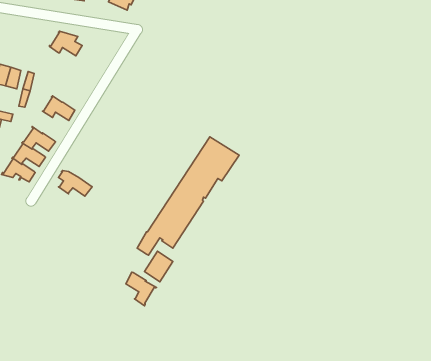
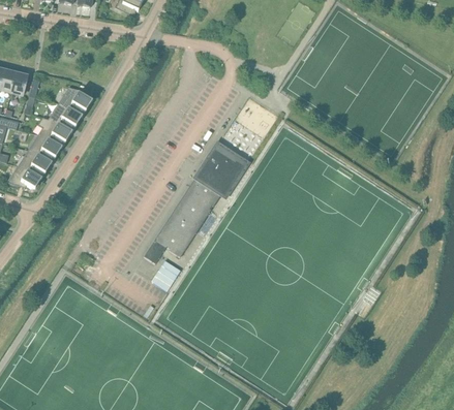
building: [49,31,82,56] -> [59,86,92,111]
building: [58,170,92,196] -> [38,116,72,141]
building: [126,272,157,306] -> none

